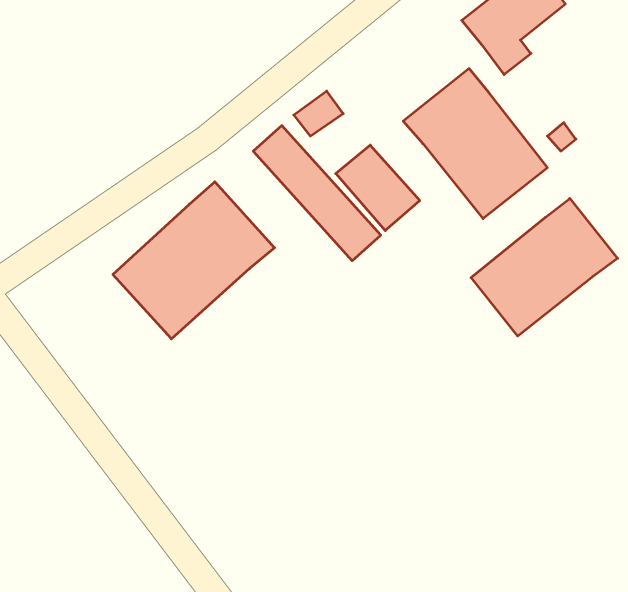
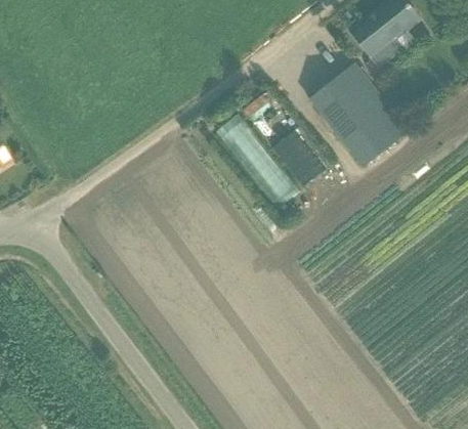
building: [113,182,275,339] -> none
building: [471,198,618,336] -> none

